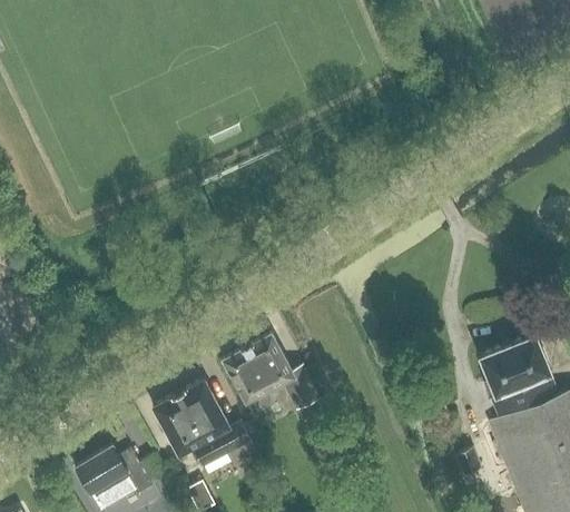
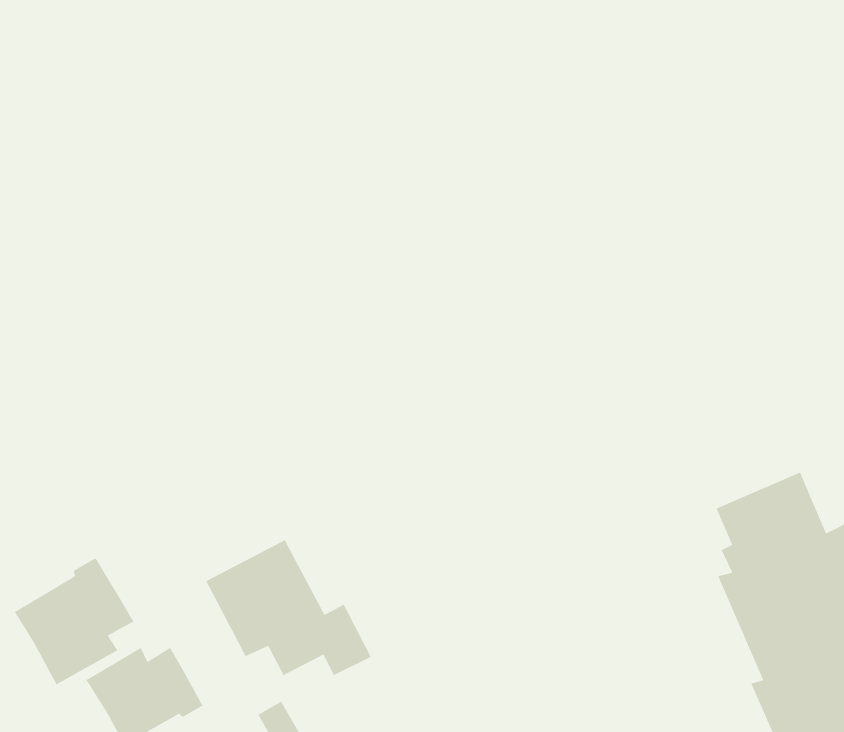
building: [223,335,321,412] -> none
building: none -> [14,557,135,685]

